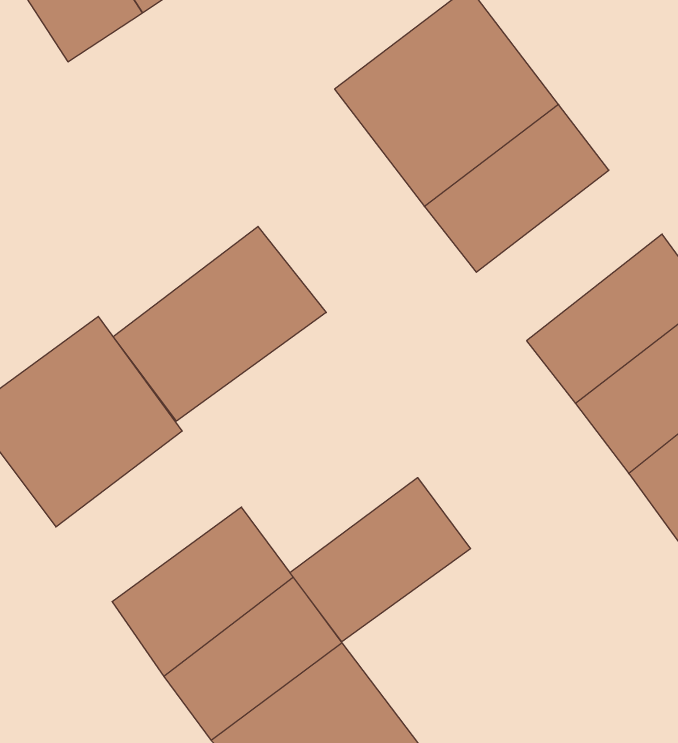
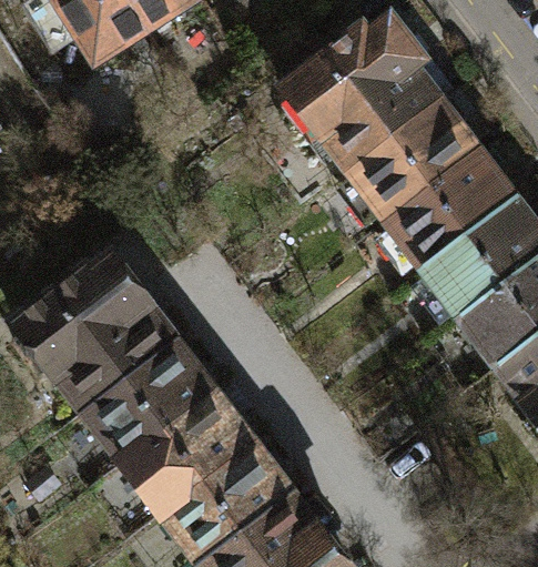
building: none -> [387,149,522,273]
building: [113,226,326,421] -> none
building: none -> [81,338,216,463]
building: [290,478,471,642] -> none

